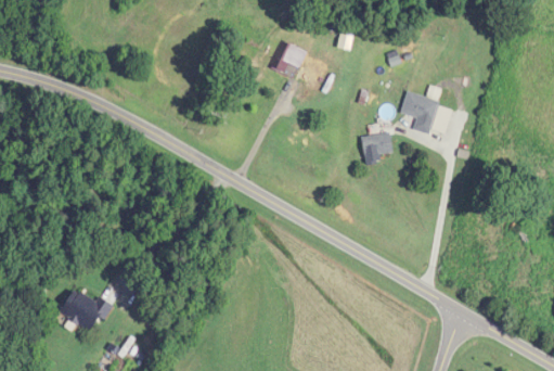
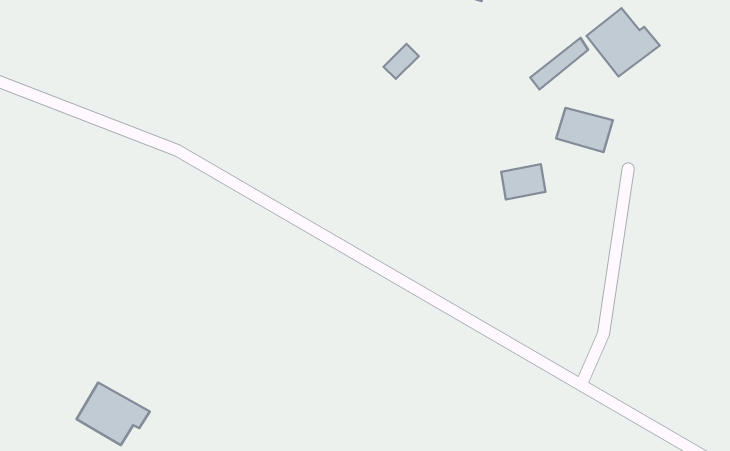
building: none -> [586,8,660,76]

